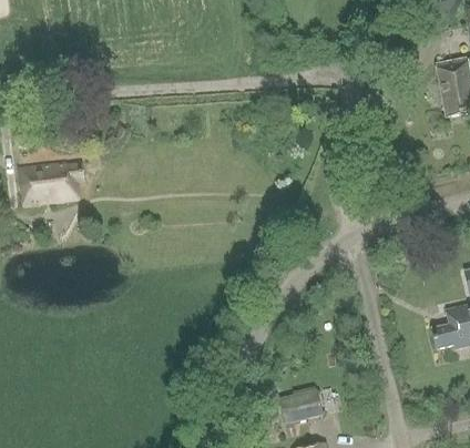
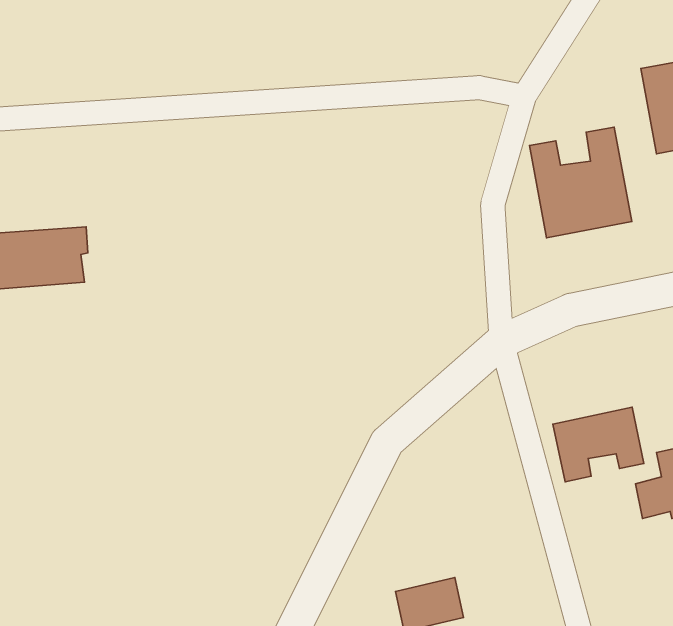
building: none -> [529,127,632,238]
building: none -> [553,407,644,482]

